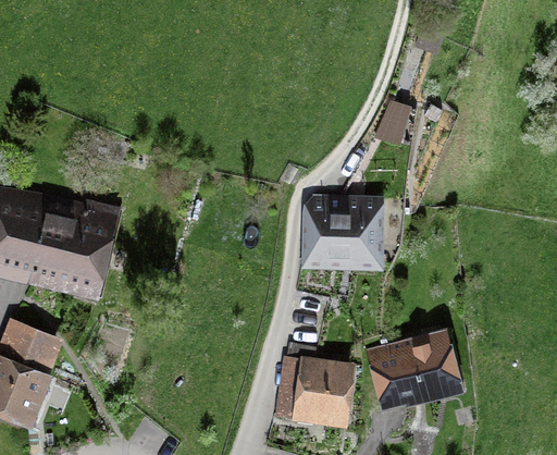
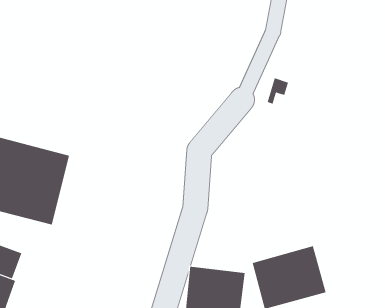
building: [308,204,380,258] -> none

